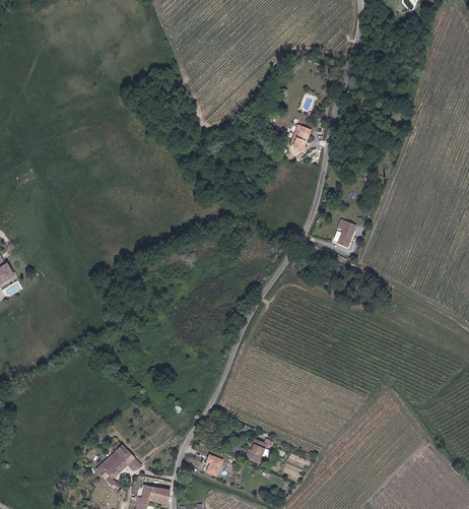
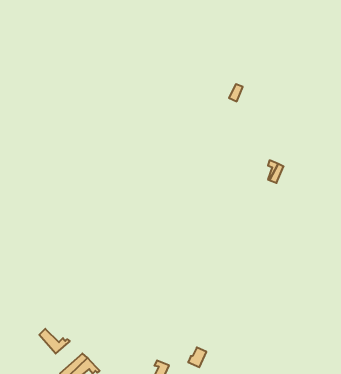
building: none -> [39,329,70,354]

